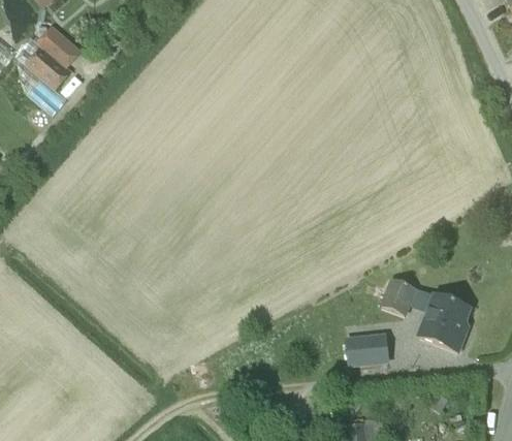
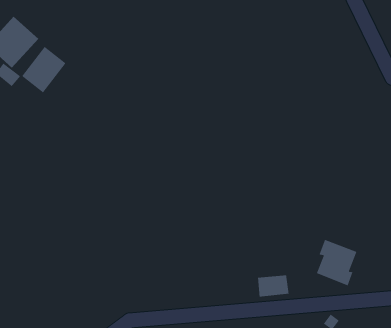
building: none -> [21,46,67,93]
building: [382,279,416,315] -> none

